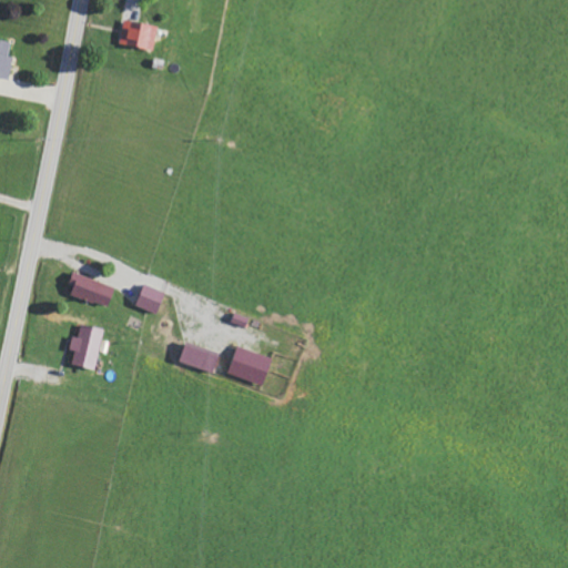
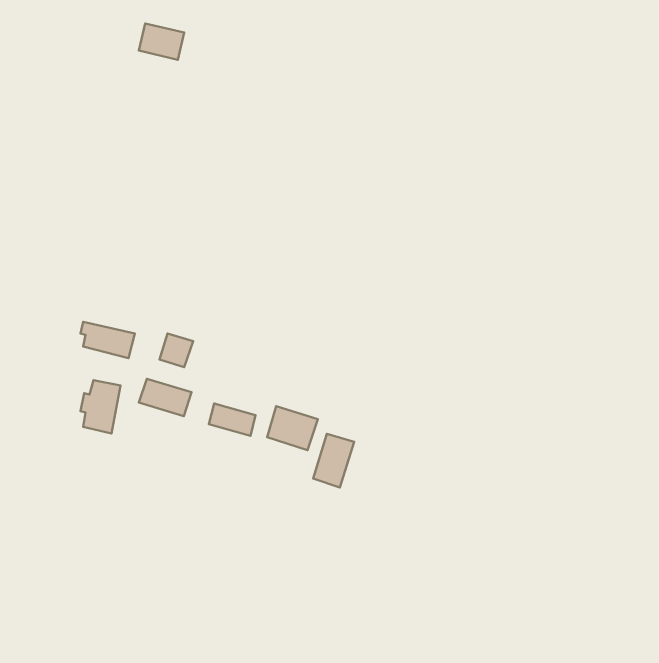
building: none -> [139,379,192,416]
building: none -> [313,434,354,487]

